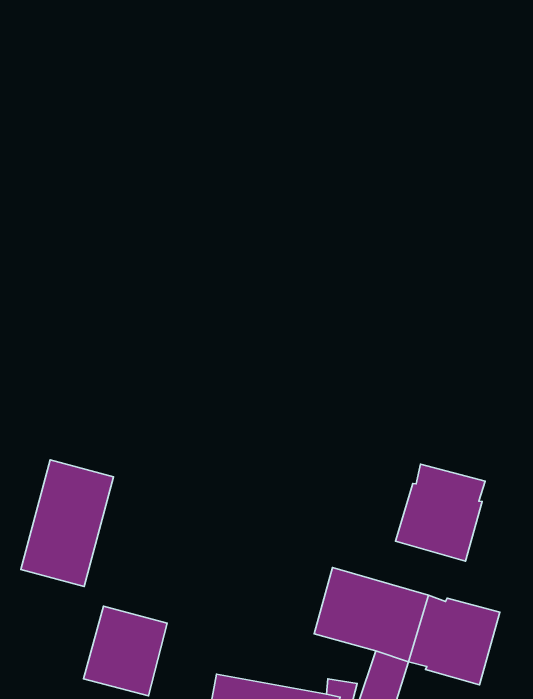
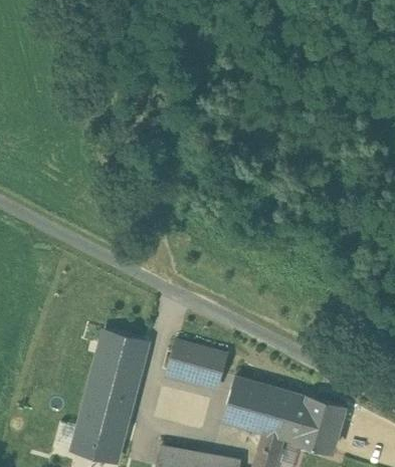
building: [21,460,114,587] -> [86,331,147,414]
building: [396,464,485,561] -> none
building: none -> [167,340,227,386]

